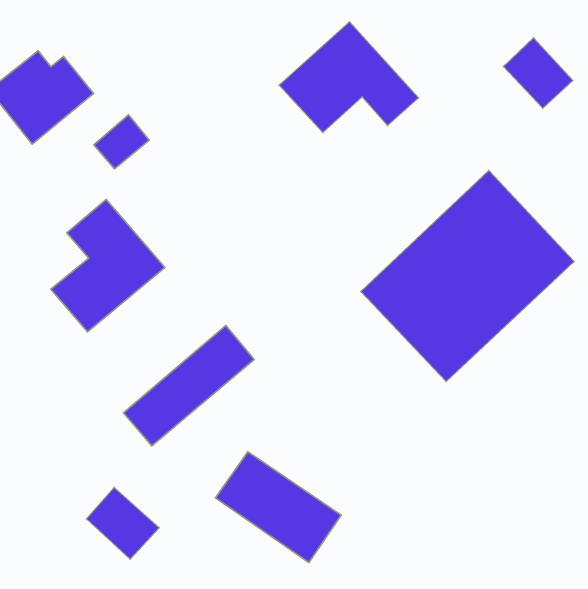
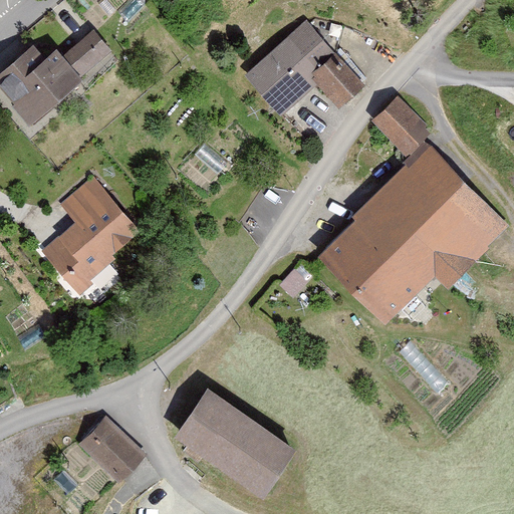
building: [504,38,573,108] -> [370,95,431,157]
building: [94,115,149,169] -> [62,29,110,76]
building: [123,326,254,446] -> none

